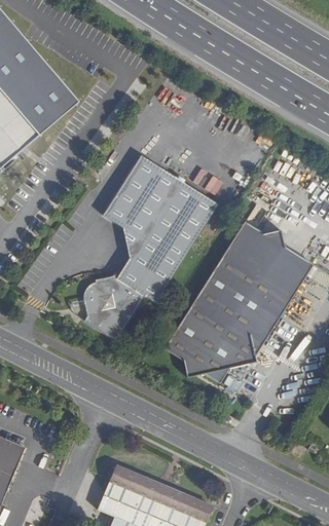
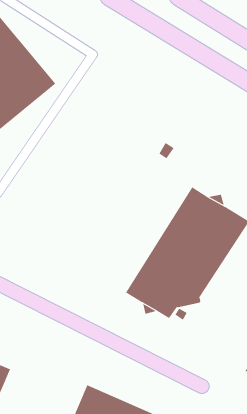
building: [83,154,218,340] -> none

